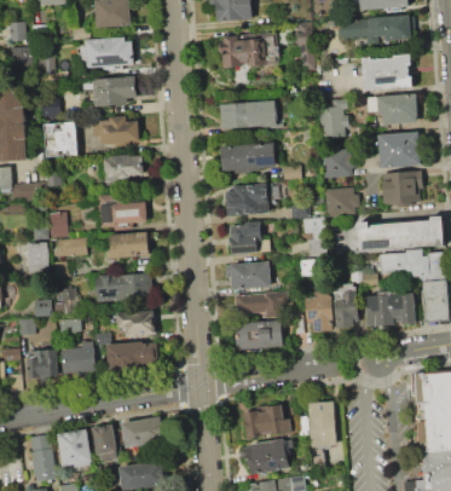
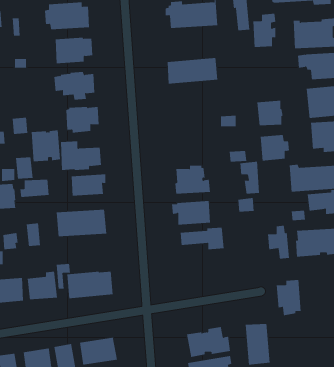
building: [322,98,348,137] -> [253,13,276,47]
building: [44,121,77,157] -> [31,130,61,162]
building: [221,141,276,173] -> none
building: [227,183,279,215] -> none
building: [305,290,334,331] -> [276,279,301,316]
building: [116,310,155,335] -> none
building: [237,319,283,347] -> none

